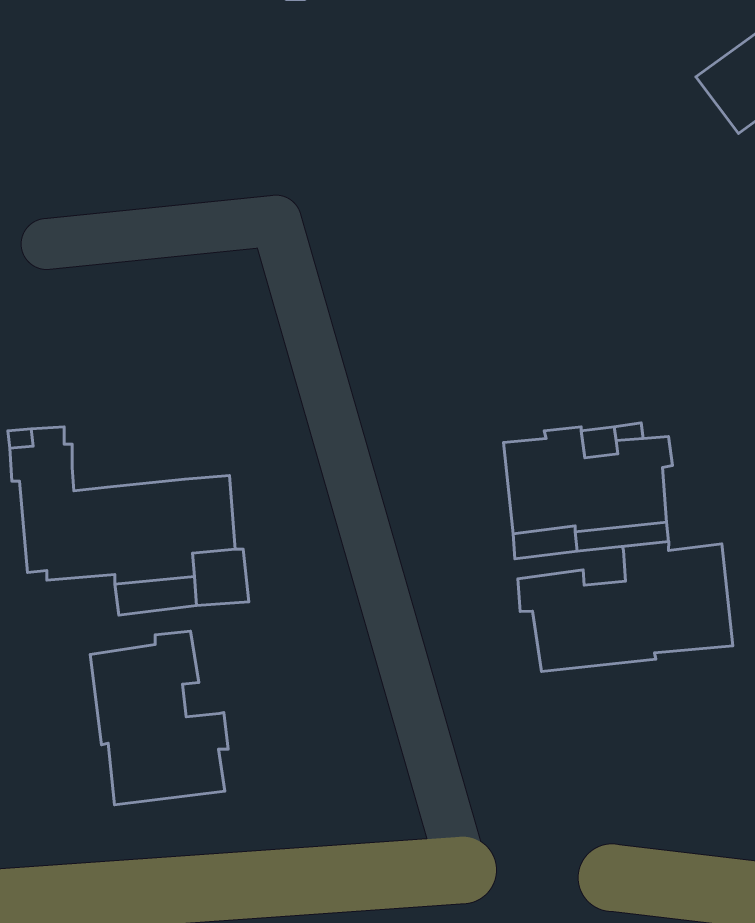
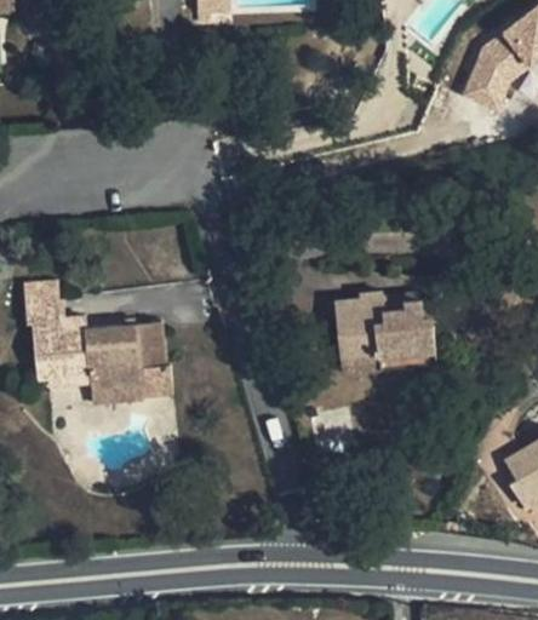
building: [518,541,733,671] -> none
building: [90,631,228,805] -> none

